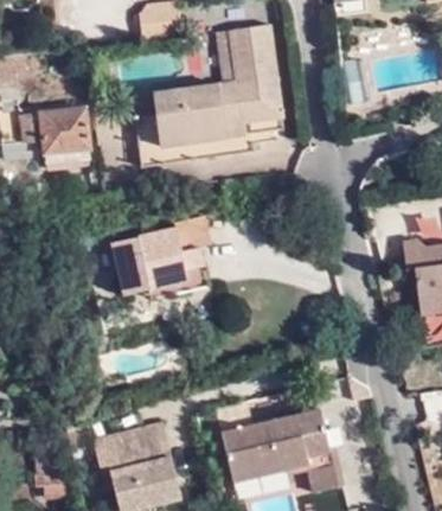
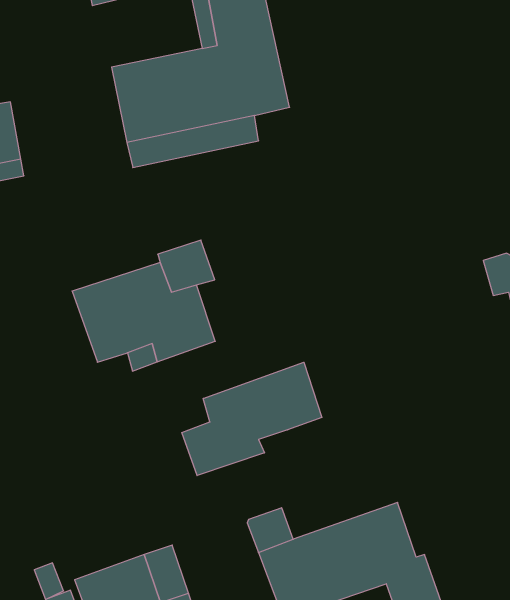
building: none -> [182,362,322,476]

